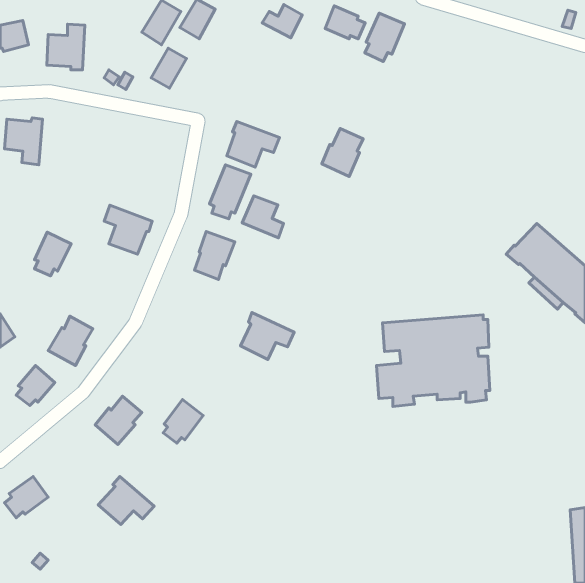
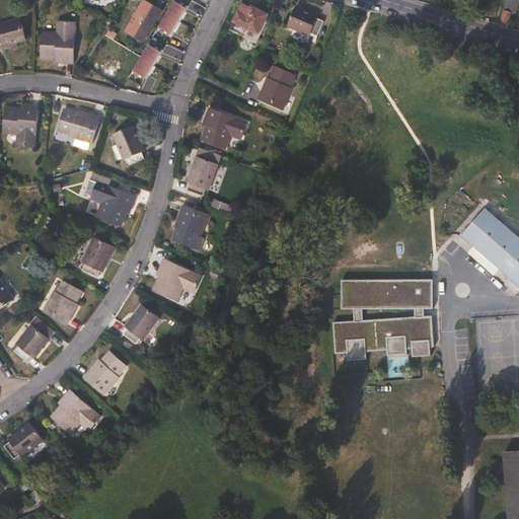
building: [365,13,405,61] -> none
building: none -> [58,108,99,142]
building: [322,128,363,177] -> [258,66,295,108]
building: none -> [113,125,145,163]
building: [242,196,284,238] -> none
building: [35,232,71,276] -> [82,236,115,275]
building: [240,313,294,360] -> [153,258,201,300]
building: [163,400,203,443] -> [124,303,159,342]
building: [98,476,154,524] -> [51,389,100,432]

